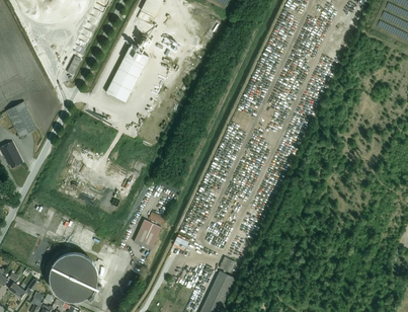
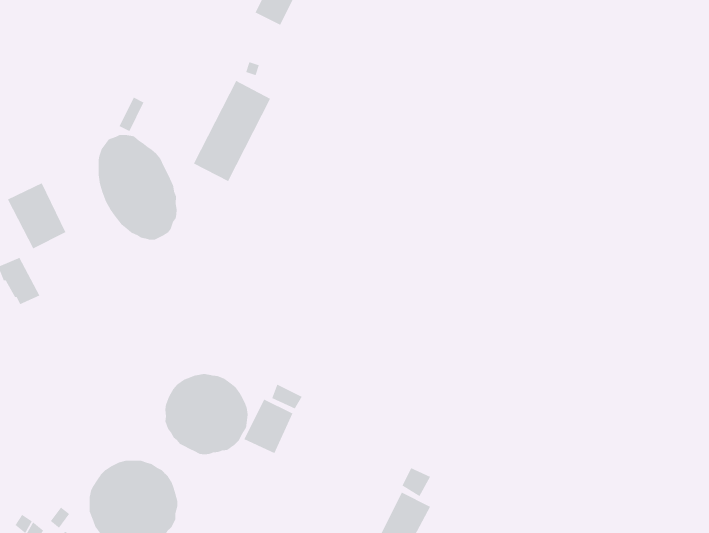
building: none -> [98,134,178,240]
building: none -> [164,373,248,455]

